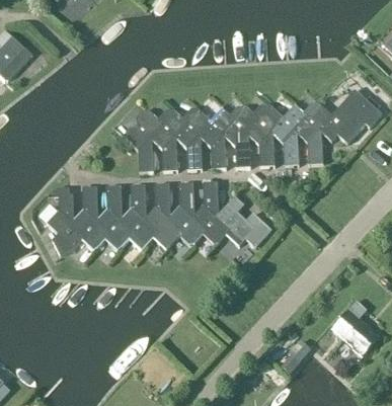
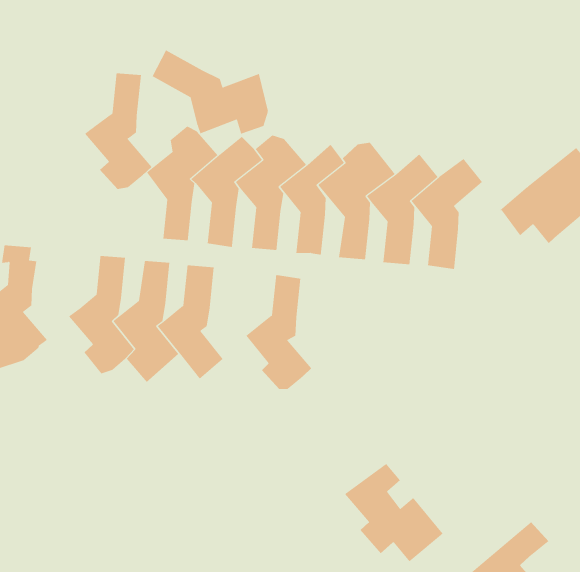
building: none -> [152,49,268,135]
building: [294,103,331,164] -> none
building: [167,182,206,244] -> none
building: [70,186,109,250] -> [84,73,152,190]
building: [215,196,271,248] -> [344,463,444,562]

